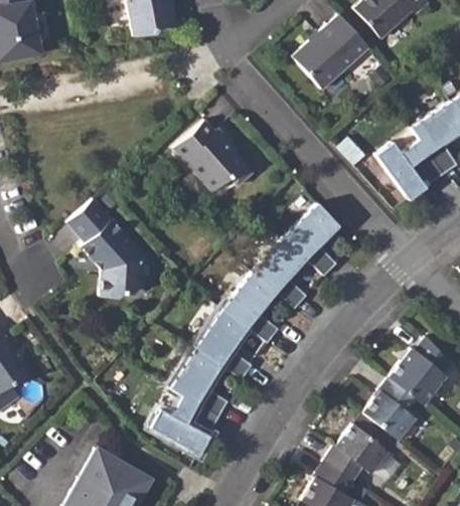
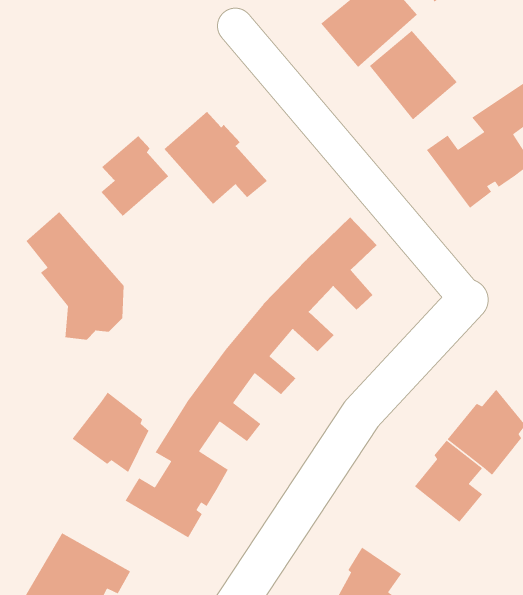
building: none -> [369,30,458,120]
building: none -> [101,135,169,217]
building: none -> [72,392,150,473]
building: [327,423,393,479] -> none

